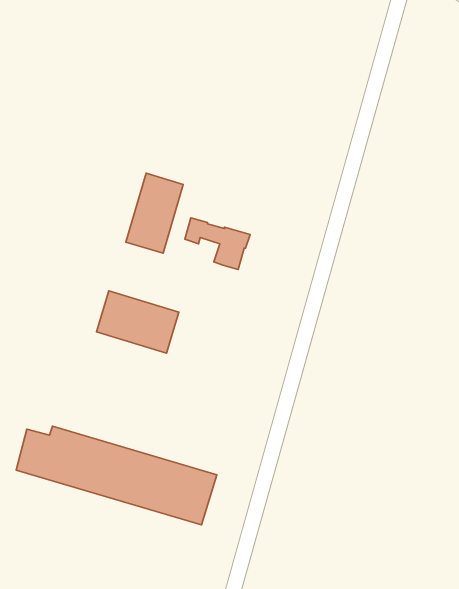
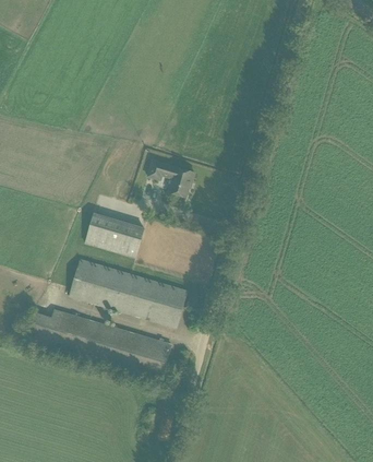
building: [126,173,183,253] -> none
building: none -> [69,259,186,327]

